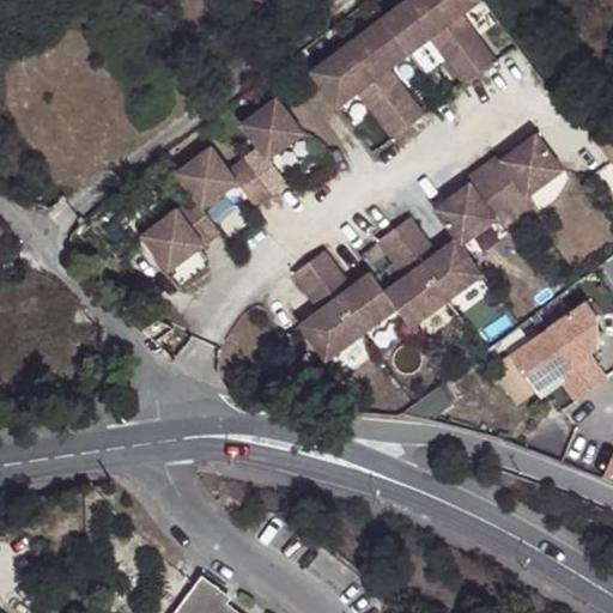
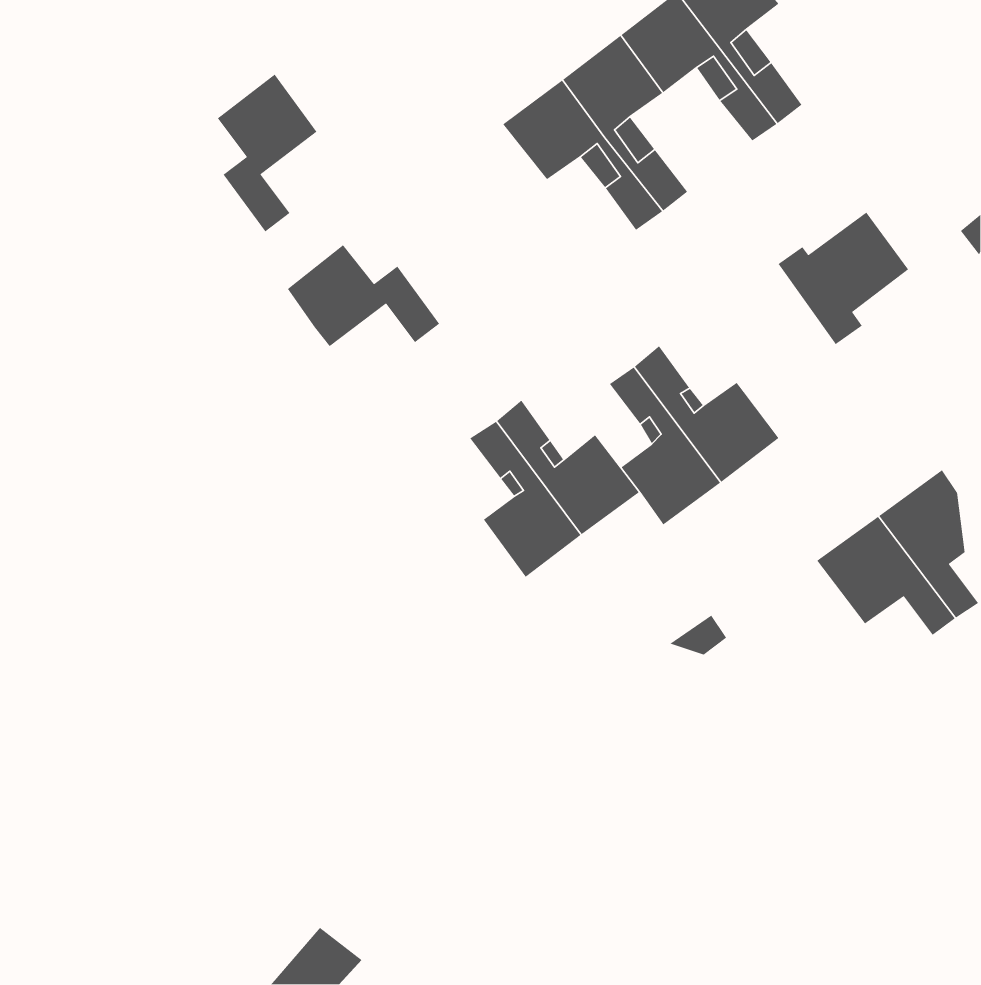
building: [242,102,304,200] -> [217,74,318,233]
building: [432,163,516,242] -> none
building: [144,202,221,277] -> none

